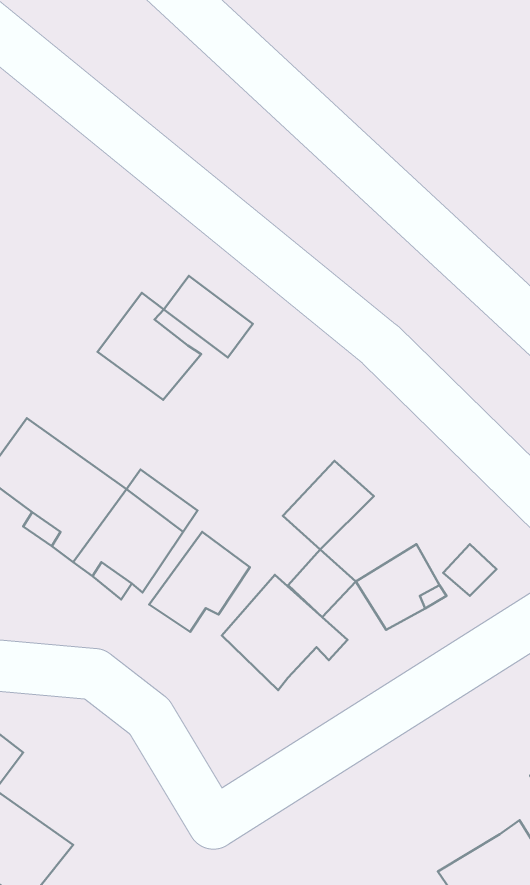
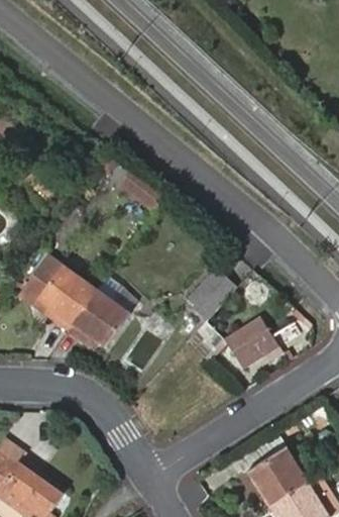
building: [98,293,201,400] -> none
building: [149,532,250,632] -> none
building: [222,575,347,690] -> none
building: none -> [248,449,307,507]

